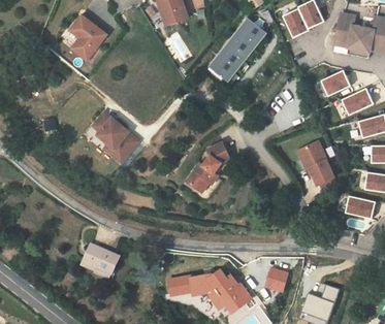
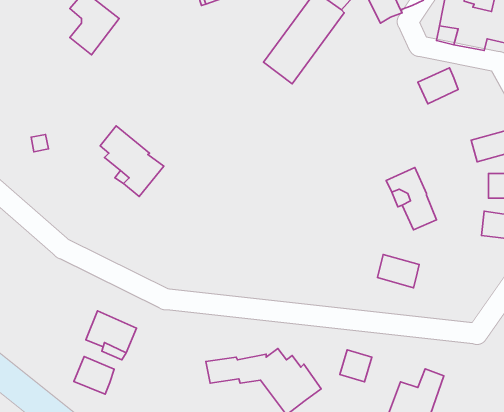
building: [342,88,373,114] -> none
building: [187,143,229,189] -> none
building: [345,195,375,219] -> [377,254,419,288]
building: none -> [74,357,114,394]

